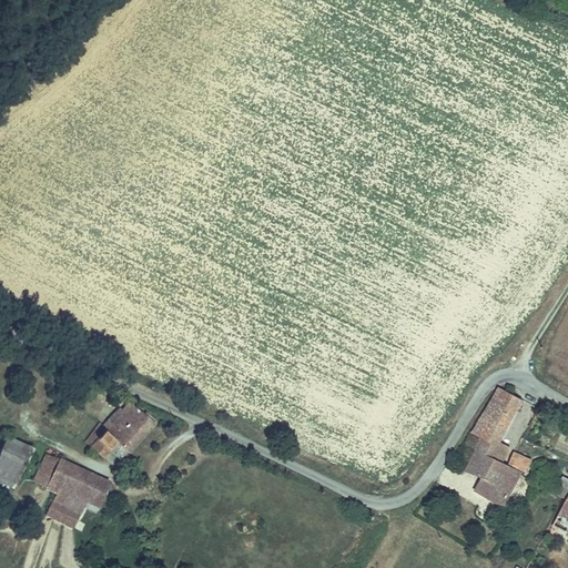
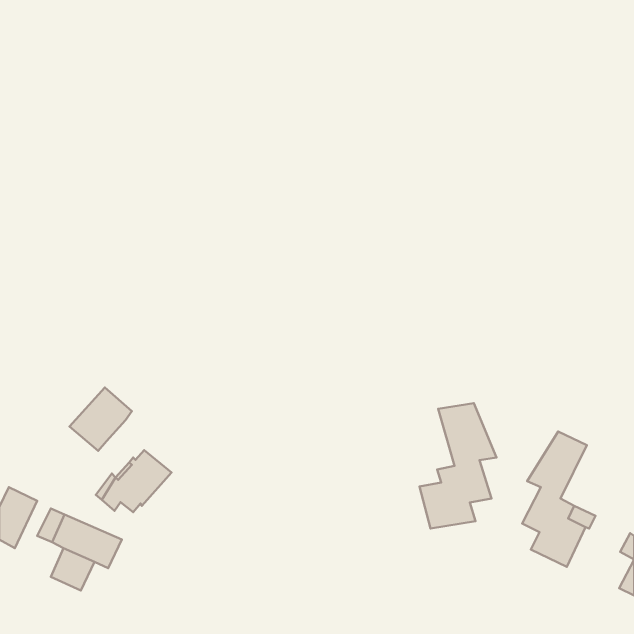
building: none -> [69,387,132,451]
building: none -> [419,403,496,529]

